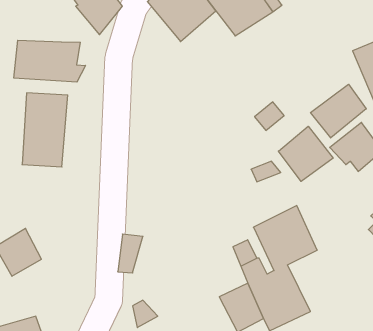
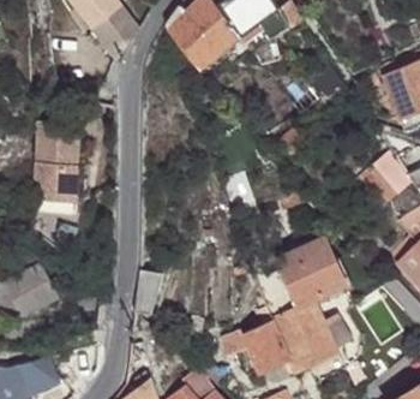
building: [14,40,85,82] -> none
building: [311,84,366,138] -> none
building: [278,126,333,181] -> none

